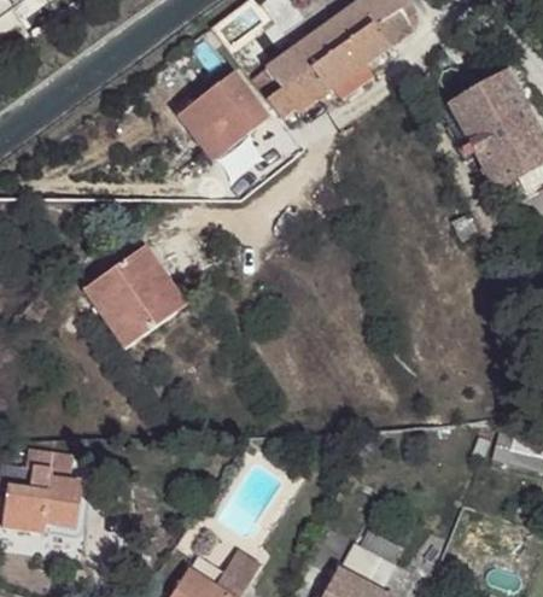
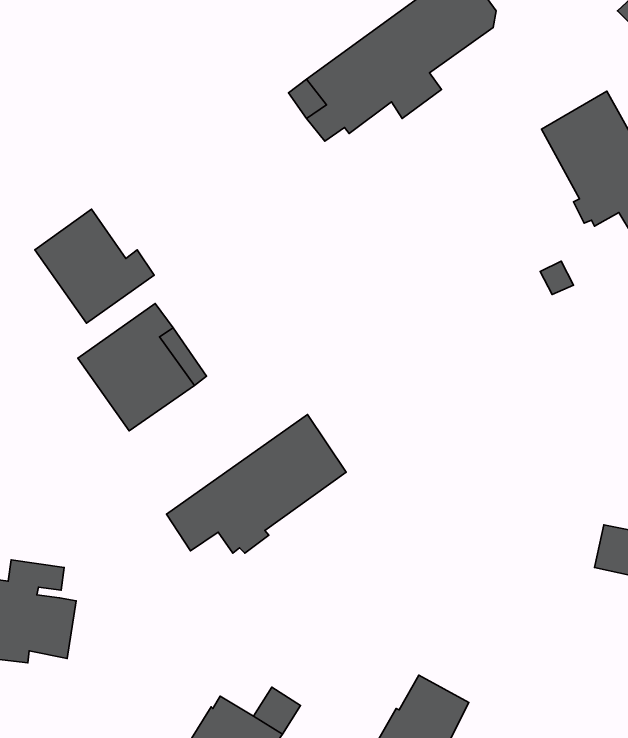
building: [177,70,270,160] -> none
building: none -> [35,209,154,323]
building: none -> [167,415,346,553]

